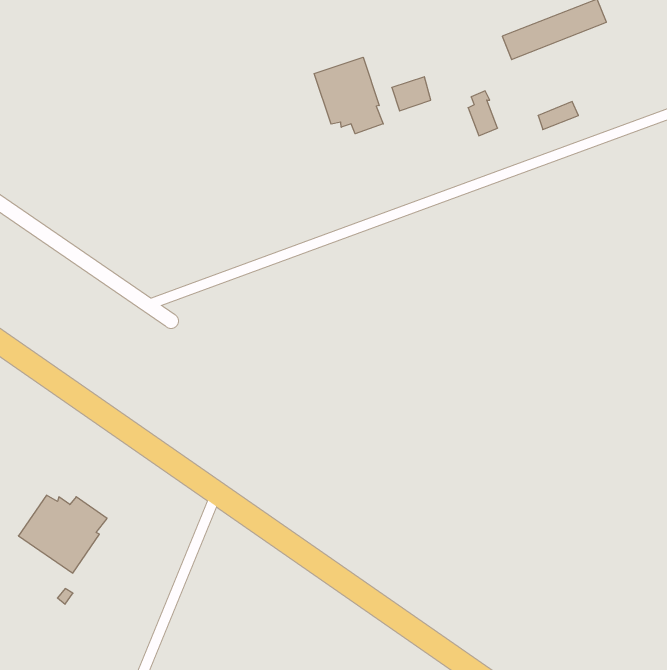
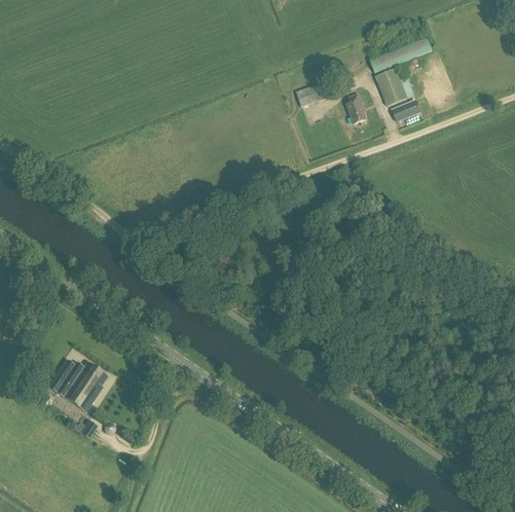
building: none -> [375,68,407,106]
building: [314,57,383,134] -> none

